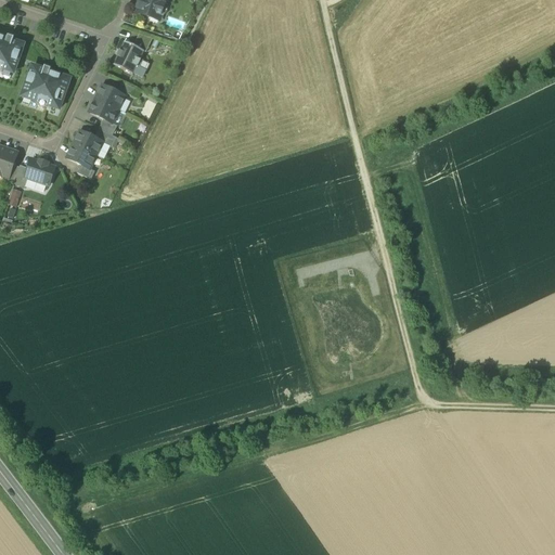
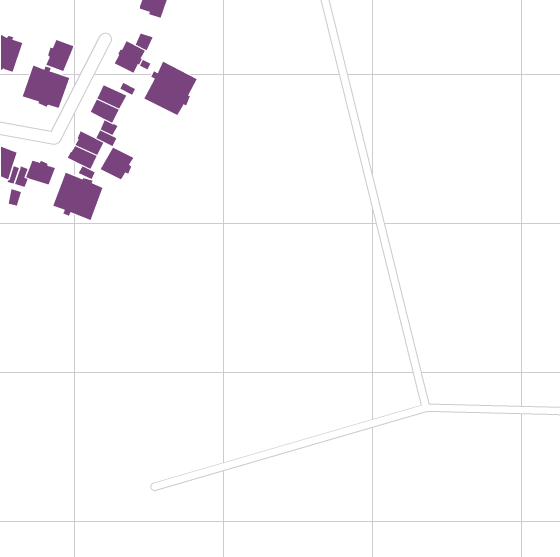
building: none -> [46,39,74,72]
building: none -> [144,61,198,116]
building: none -> [100,147,134,180]
building: none -> [52,172,103,221]

